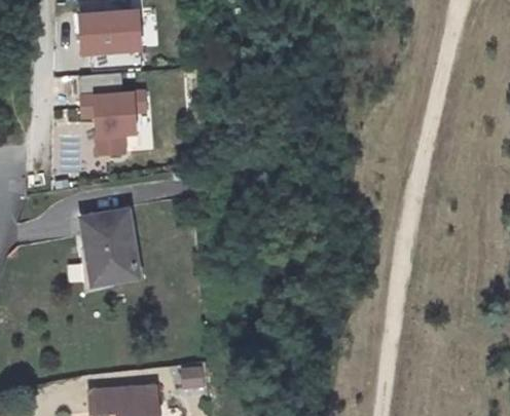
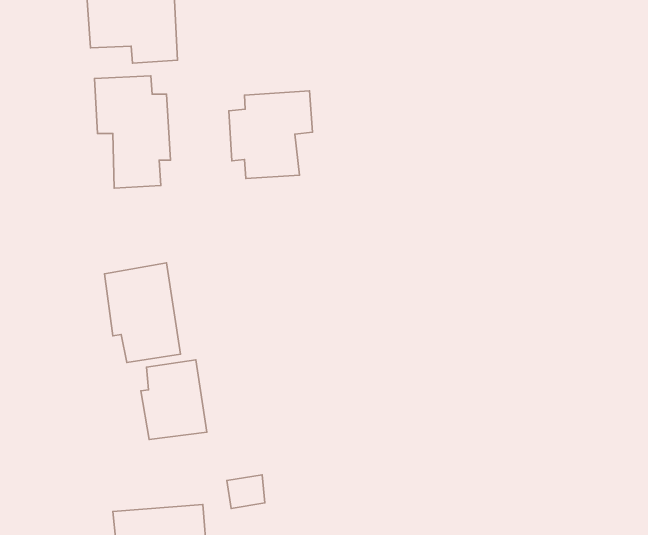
building: none -> [229,91,313,179]
building: none -> [141,360,207,439]

